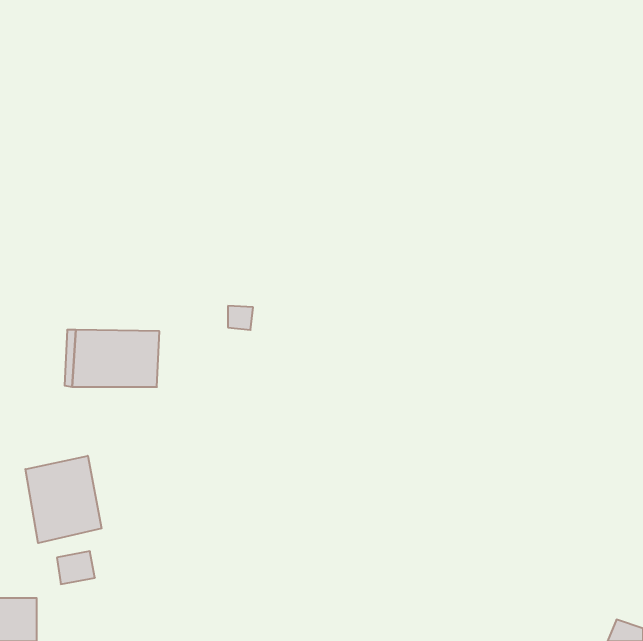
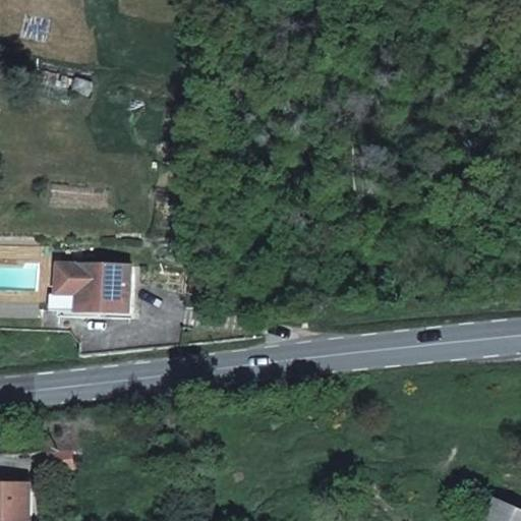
building: [25,456,102,543] -> none

